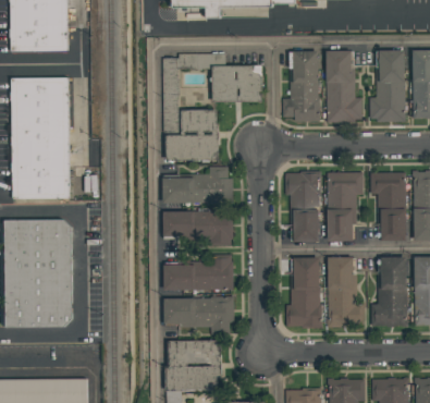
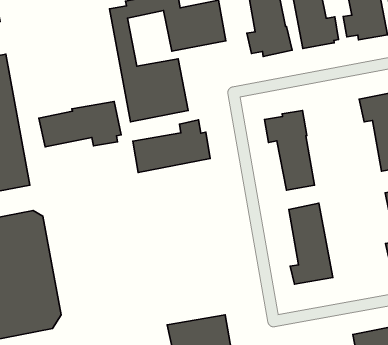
building: [328,174,364,241] -> none
building: [164,210,234,246] -> [39,101,121,147]
building: [328,258,363,328] -> none
building: [168,259,235,291] -> none
building: [167,297,233,331] -> none

